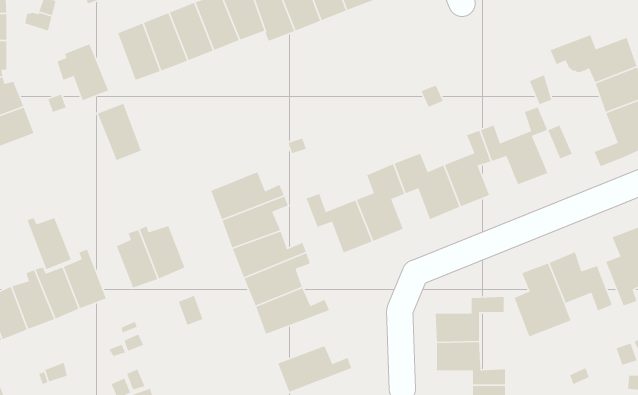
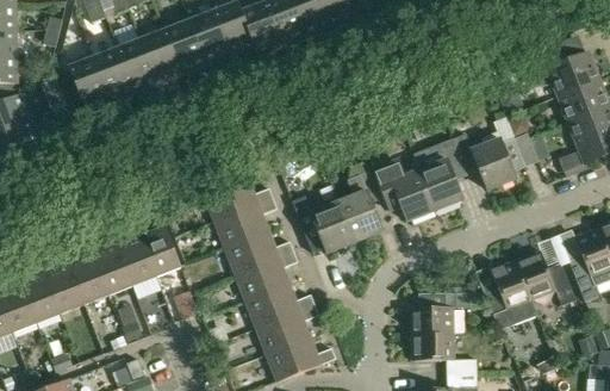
building: [97,103,142,161] -> [93,48,135,101]
building: [27,217,72,270] -> [91,244,132,293]
building: none -> [255,304,318,353]

